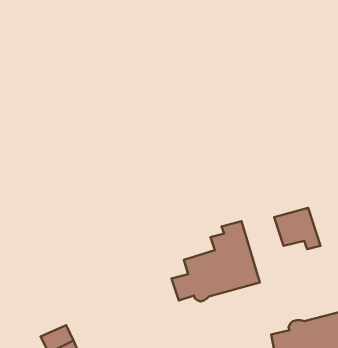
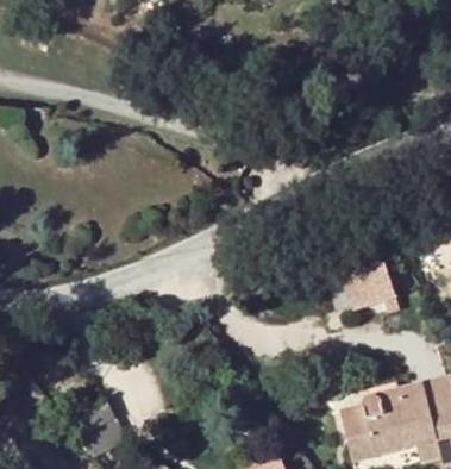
building: [171,221,260,301] -> none

